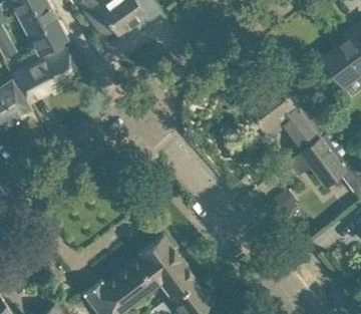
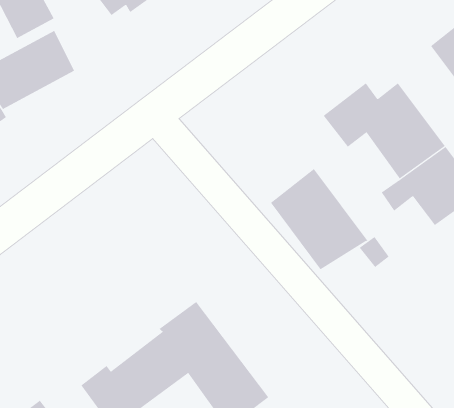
building: none -> [270,168,368,270]

